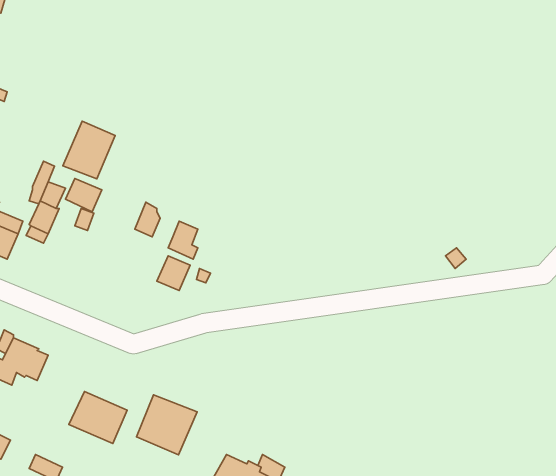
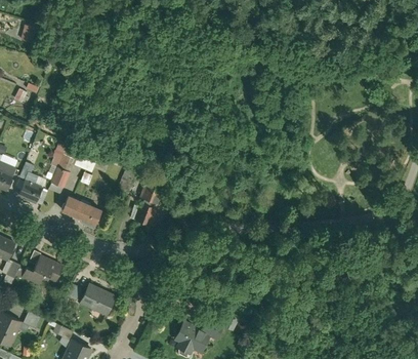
building: [63,121,115,179] -> none
building: none -> [64,191,103,225]
building: [136,395,197,455] -> none

